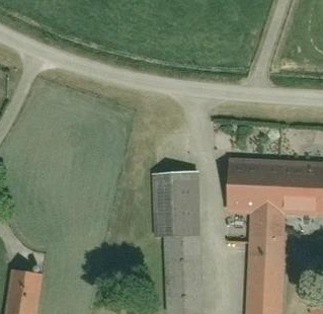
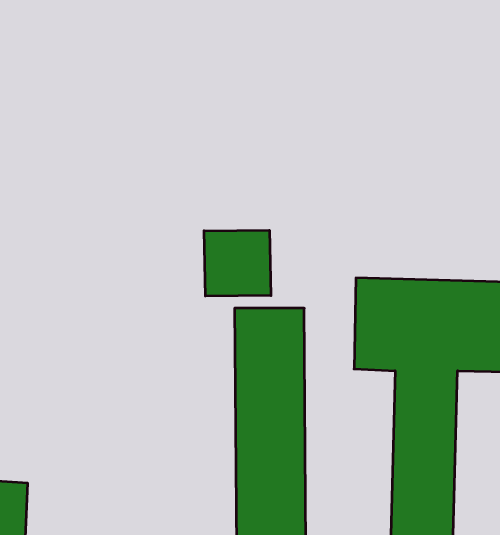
building: none -> [204,230,271,296]

